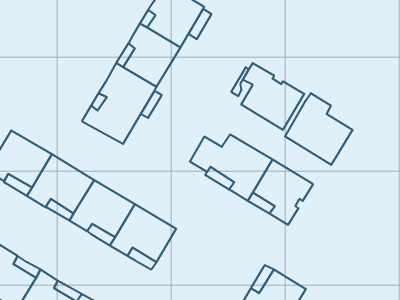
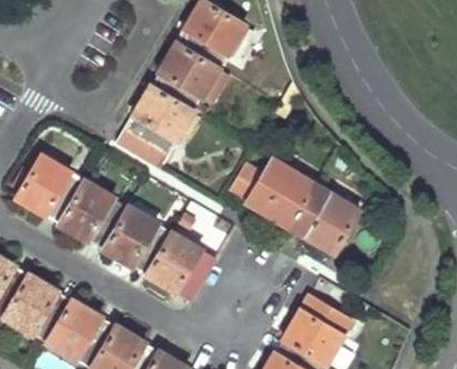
building: [241,63,304,130] -> none
building: [285,93,352,165] -> none

